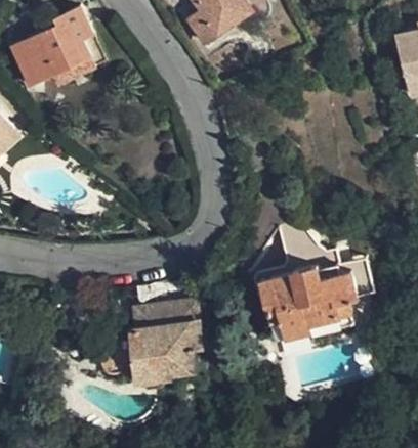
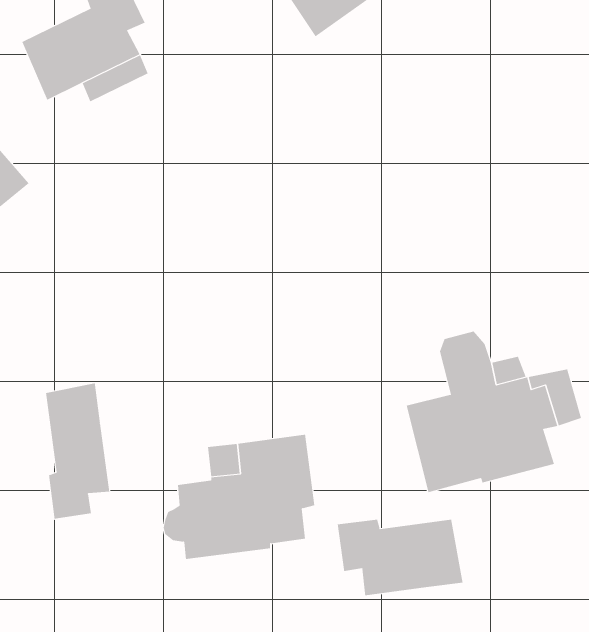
building: none -> [45,383,110,519]
building: none -> [337,519,463,596]

